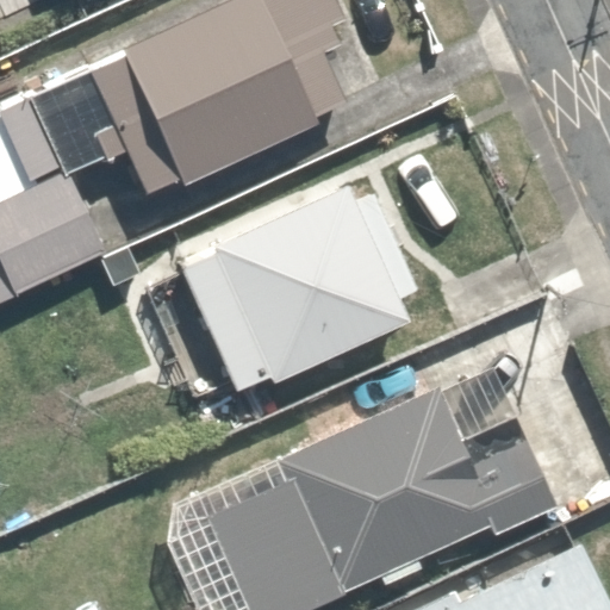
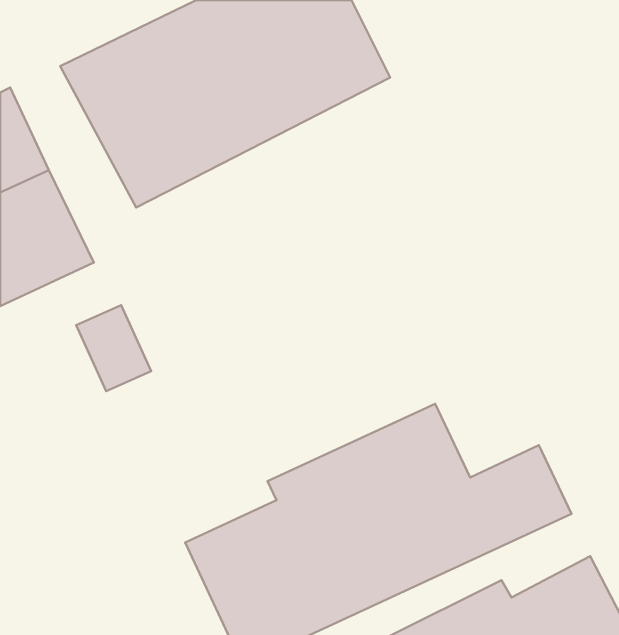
building: [169,191,403,399] -> none

